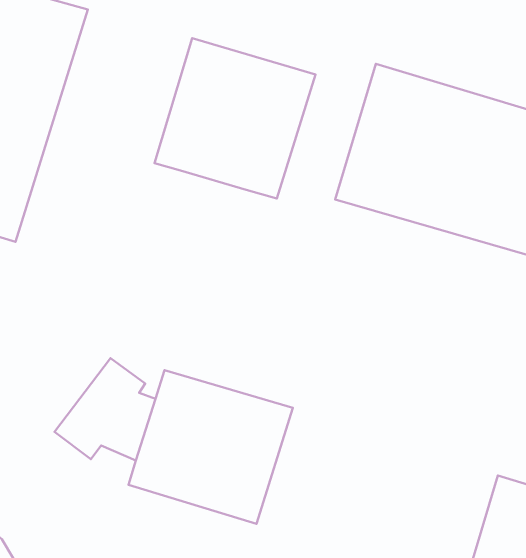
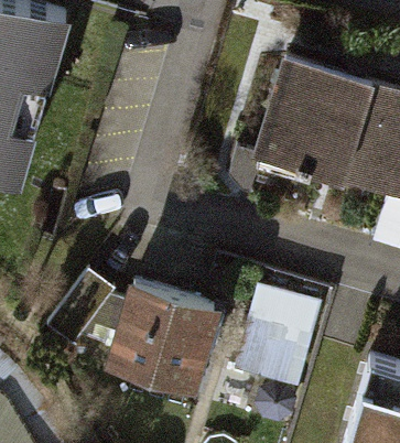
building: [155,38,316,199] -> none
building: none -> [235,290,318,388]

